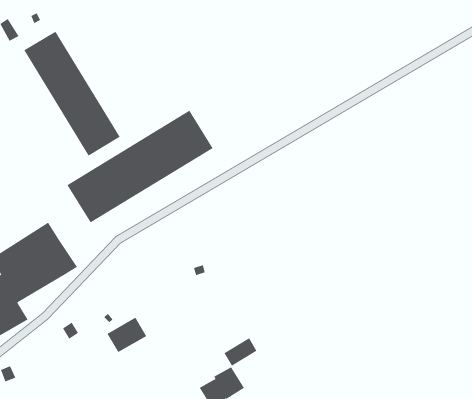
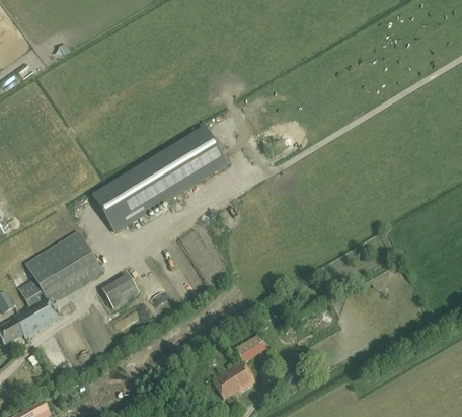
building: [24,31,120,156] -> none
building: [107,317,147,353] -> [102,275,139,307]

